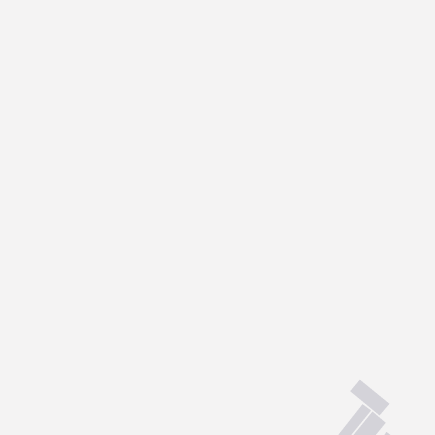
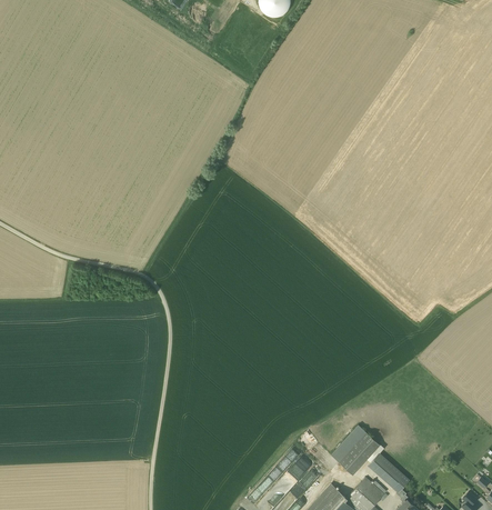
building: [349,379,390,417] -> none

